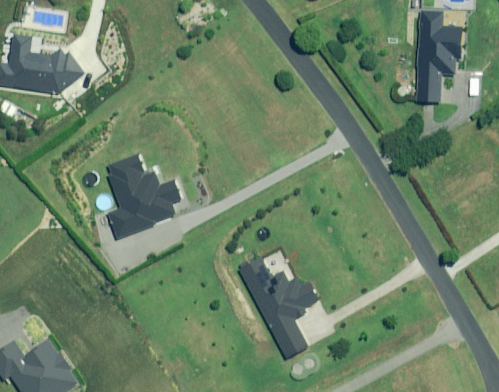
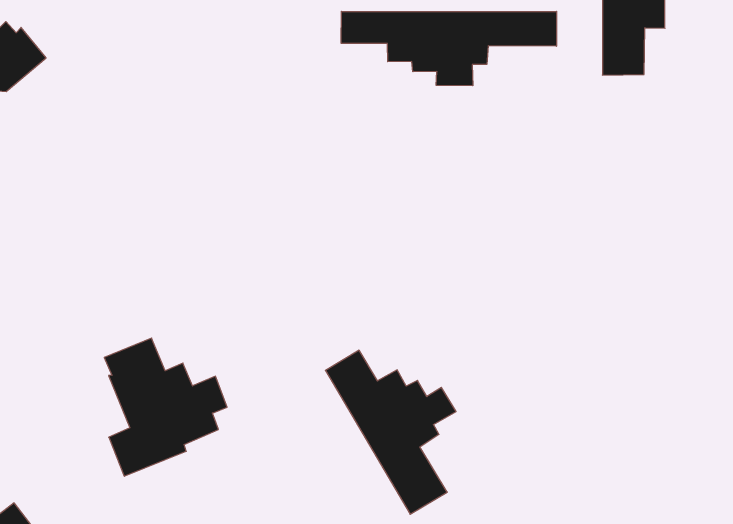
building: none -> [341,11,557,86]
building: [108,155,180,237] -> [104,338,227,476]

